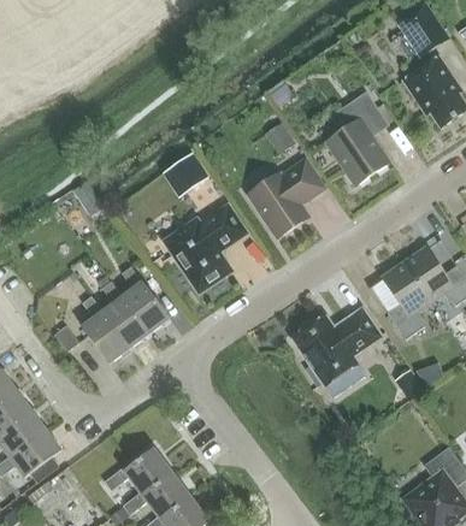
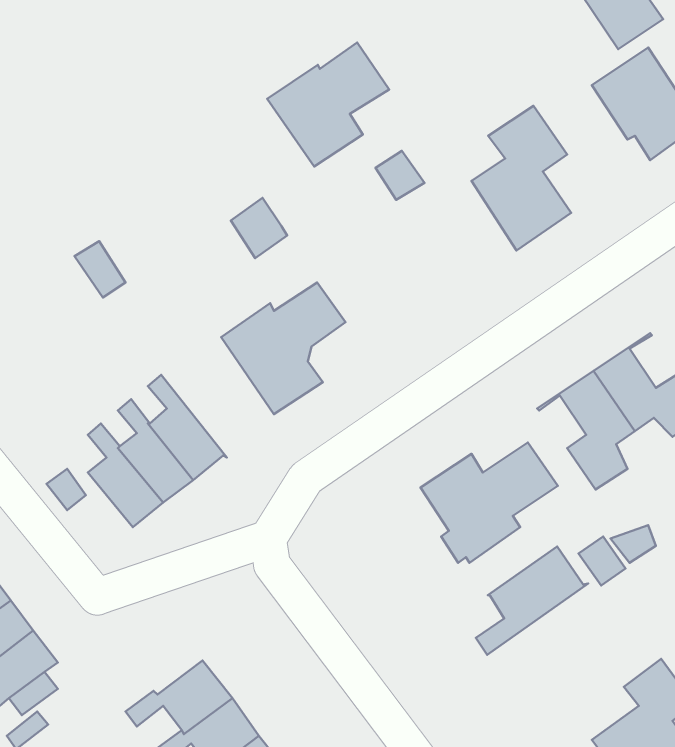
building: [247,158,325,237] -> [267,42,389,167]
building: none -> [476,547,588,655]

